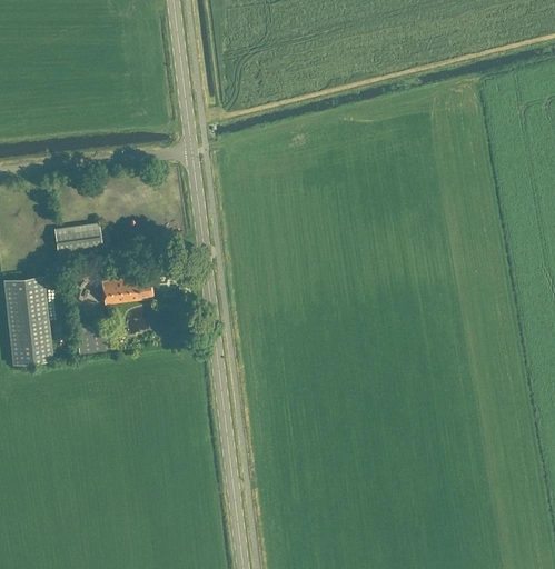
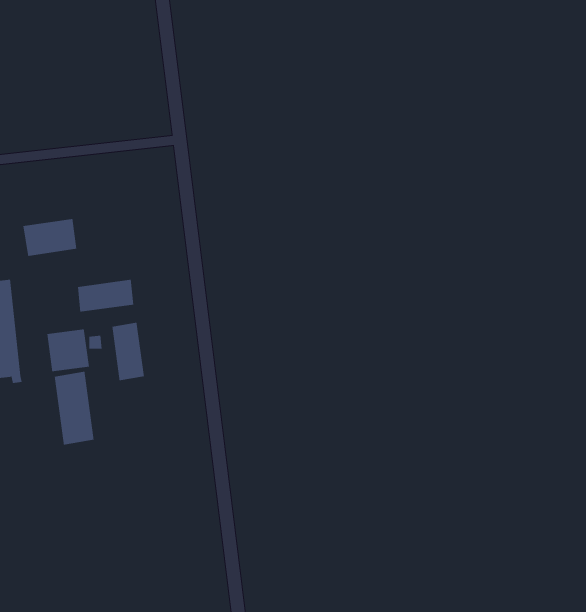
building: none -> [112,322,144,381]
building: none -> [54,371,94,445]

